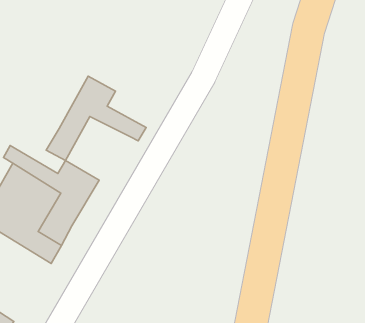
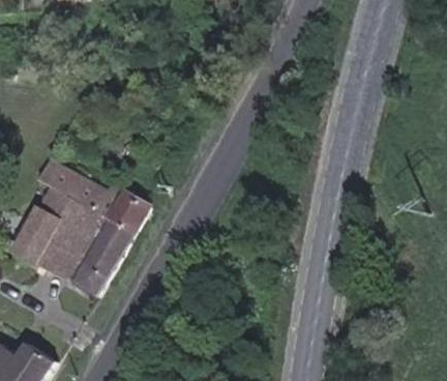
building: [46,76,146,160] -> none

